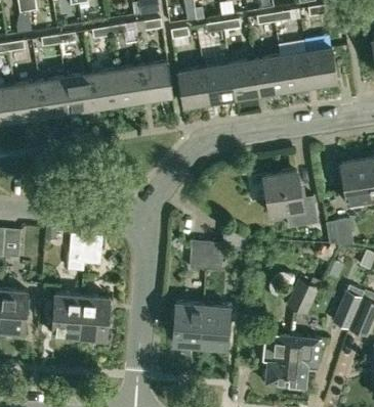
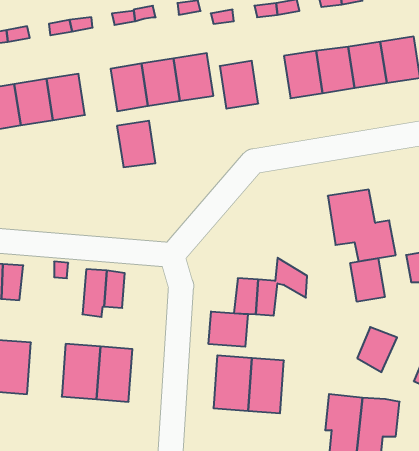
building: [204,63,235,101] -> none
building: [66,74,96,110] -> [117,121,155,167]
building: none -> [350,258,385,302]
building: none -> [209,311,248,347]

